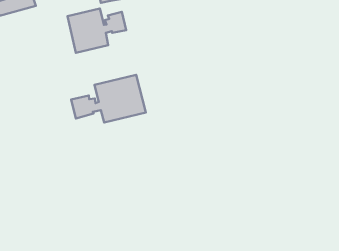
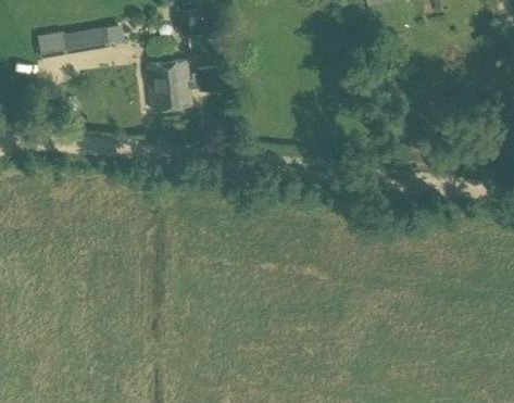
building: [71,75,146,123] -> none

